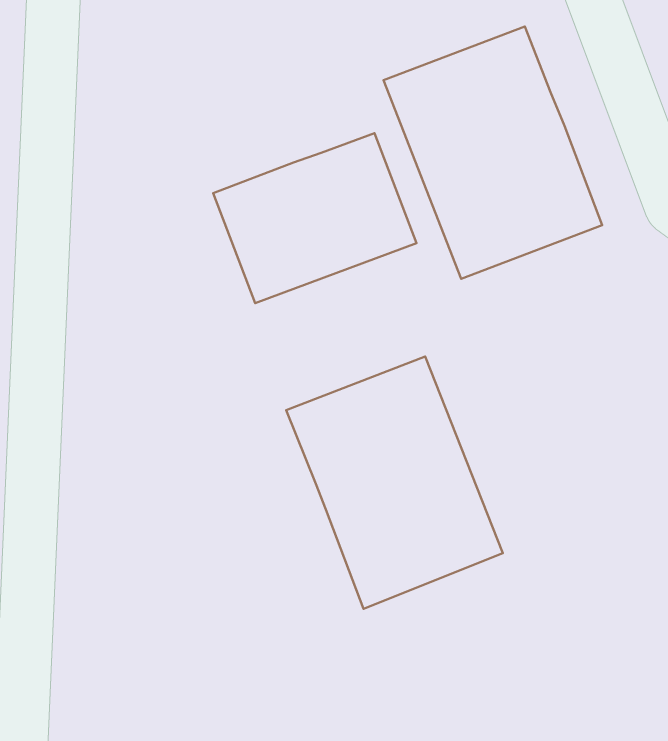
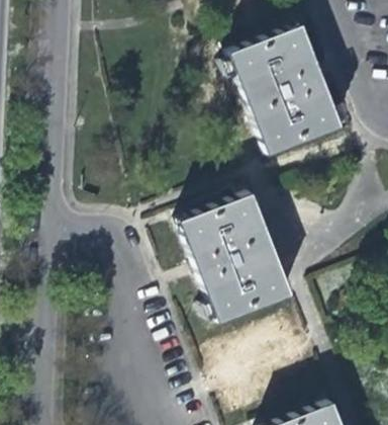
building: [213,133,416,303] -> none

